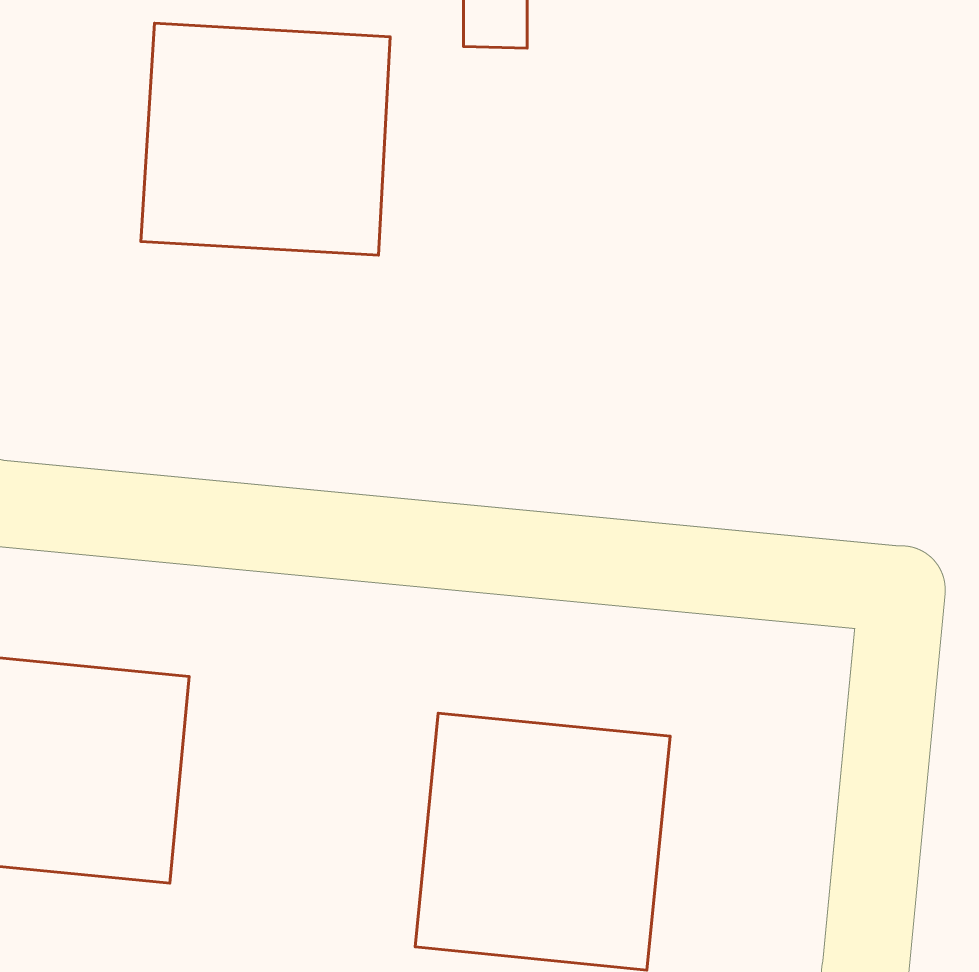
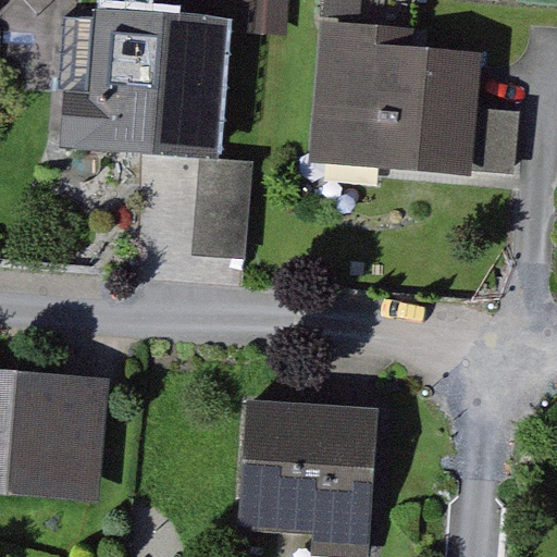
building: none -> [325,20,474,168]
building: none -> [199,165,244,251]

